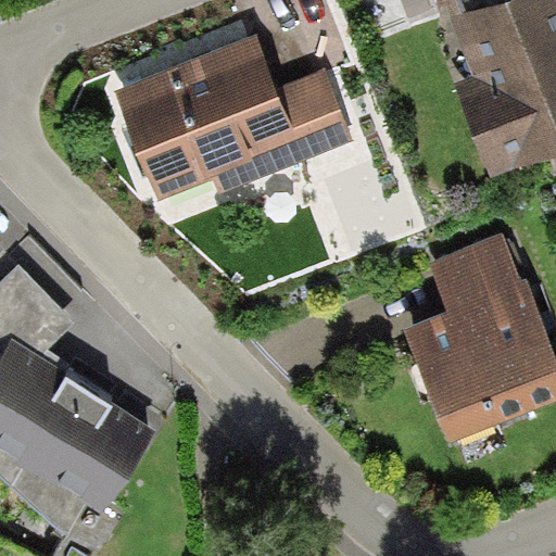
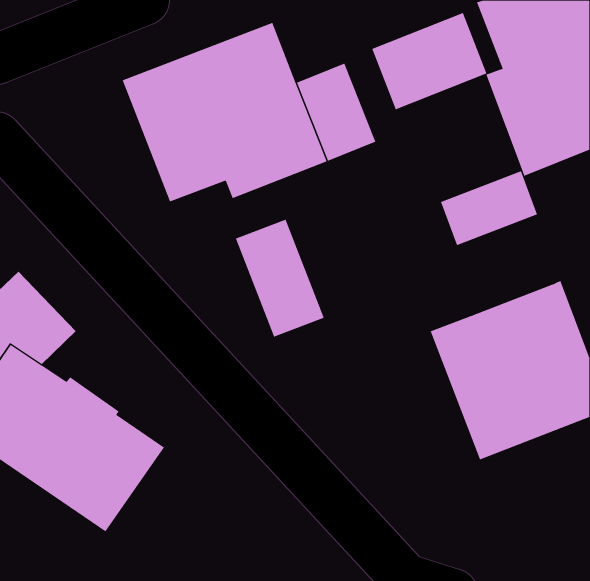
building: none -> [371,12,487,110]
building: none -> [235,219,325,337]
building: [427,236,518,306] -> [440,170,538,246]

